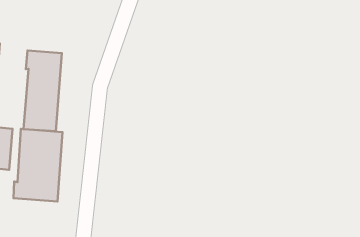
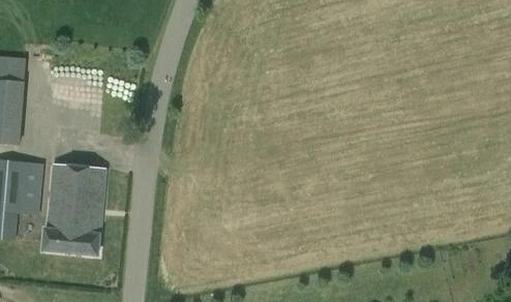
building: [23,50,62,131] -> none

